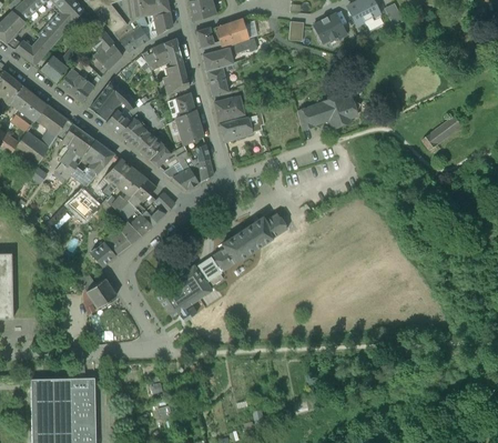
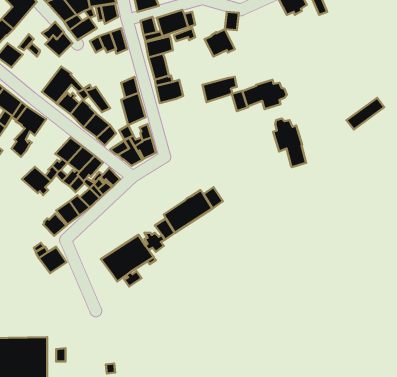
building: [313,13,346,43] -> [204,29,235,56]
building: [162,62,189,95] -> none
building: [58,68,94,103] -> none
building: [220,115,257,143] -> [202,77,237,102]
building: none -> [273,119,306,167]
building: [71,140,114,185] -> none

